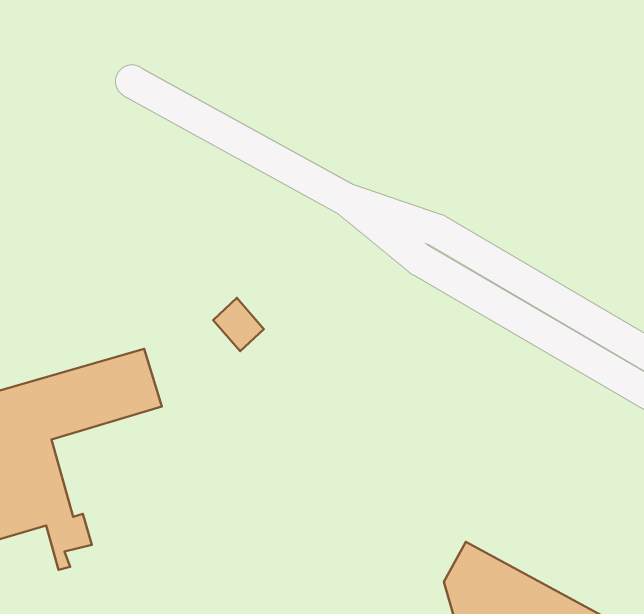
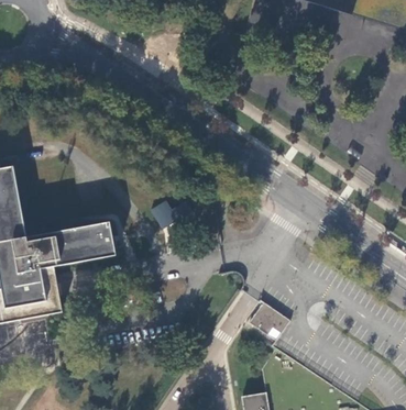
building: none -> [249,299,289,340]

